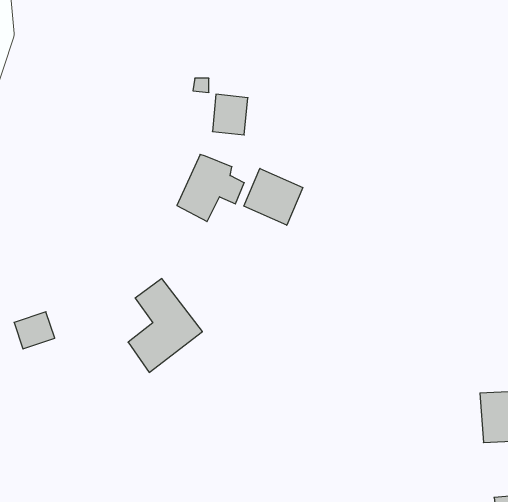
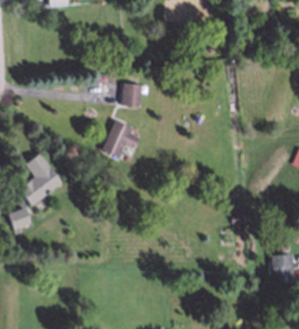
building: [244,168,303,225] -> none
building: [128,279,202,372] -> [20,152,62,206]

